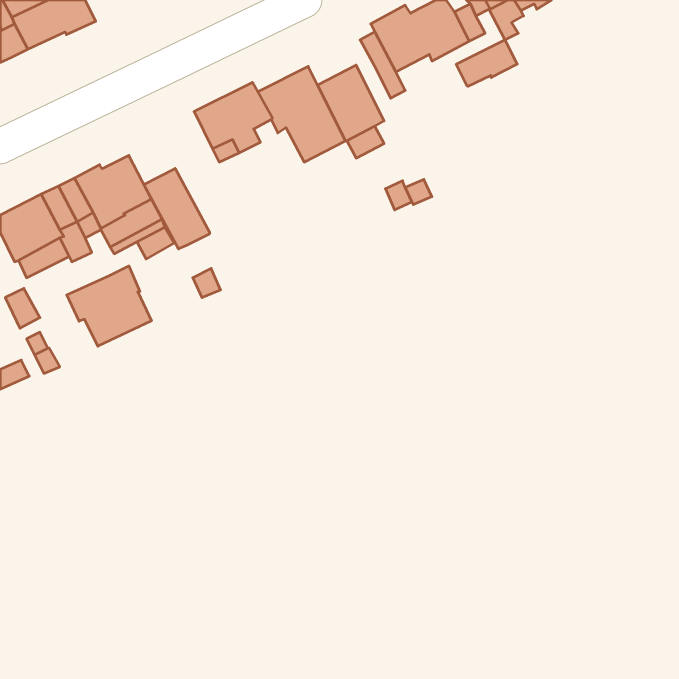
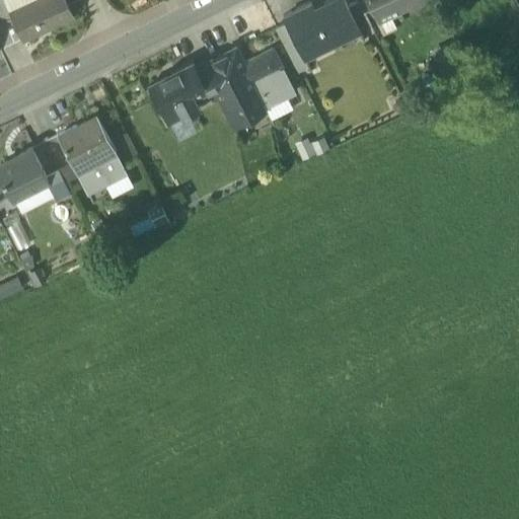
building: [456,40,517,86] -> none
building: [144,168,210,249] -> none
building: [67,266,151,346] -> none

